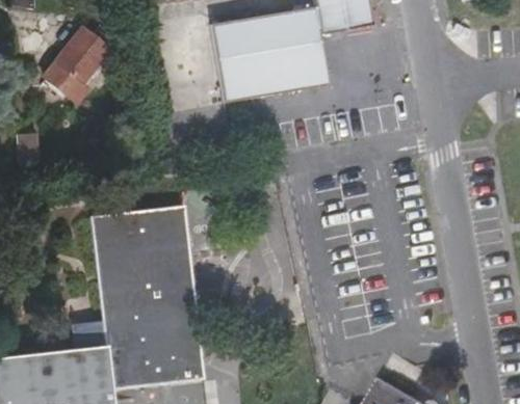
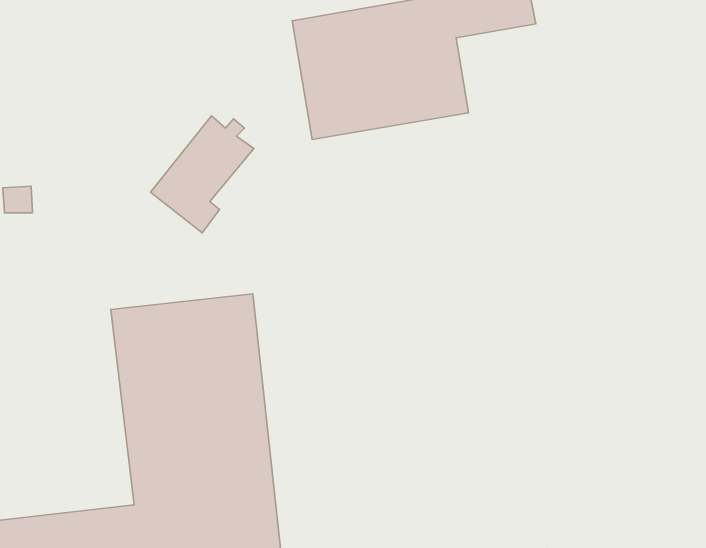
building: [43,25,111,103] -> [151,116,254,233]

